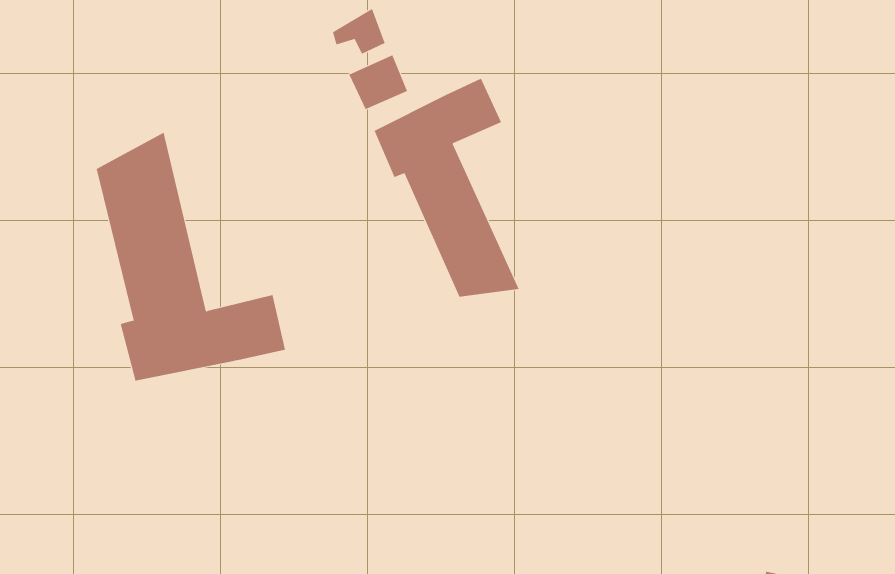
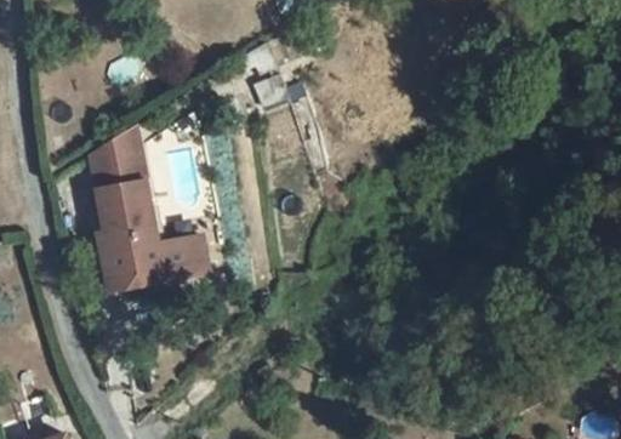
building: [374,78,519,297] -> none

